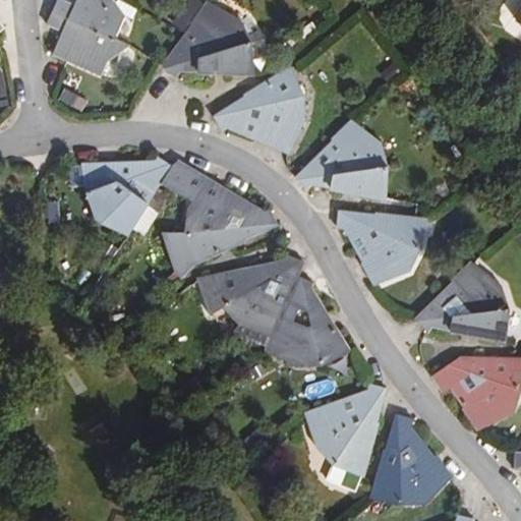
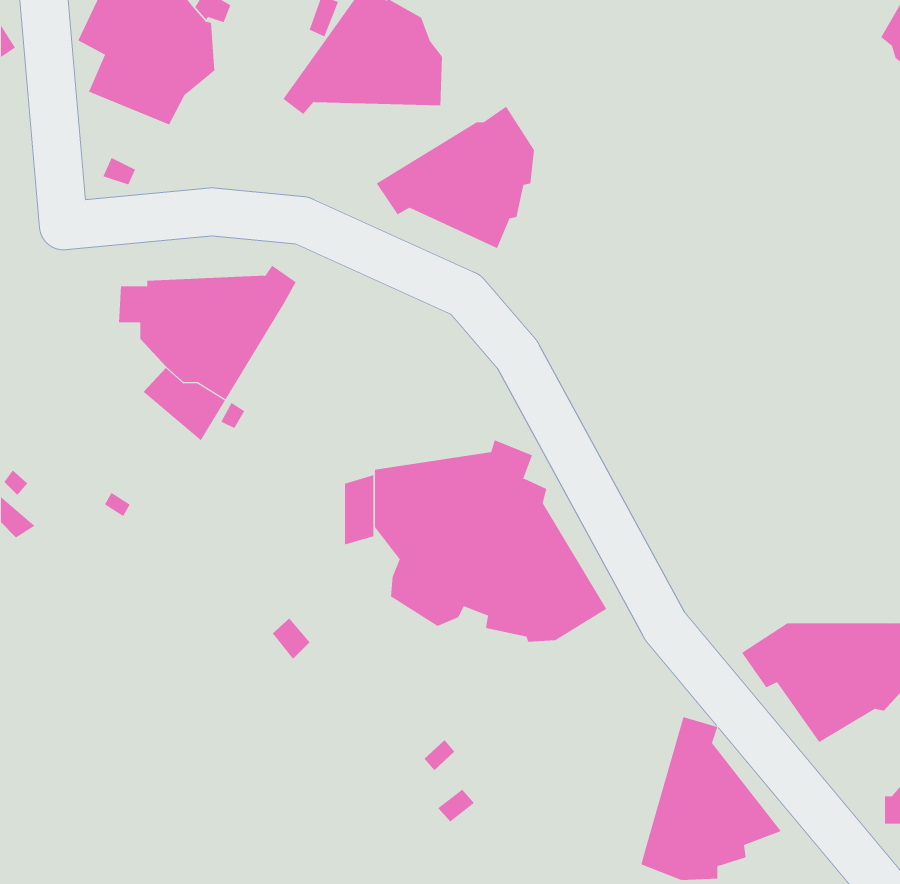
building: [295,128,392,202] -> none
building: [164,162,282,278] -> none
building: [335,209,423,279] -> none
building: [416,271,513,345] -> none
building: [313,381,388,482] -> none

